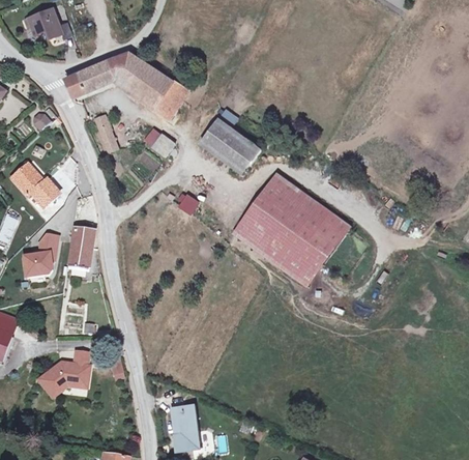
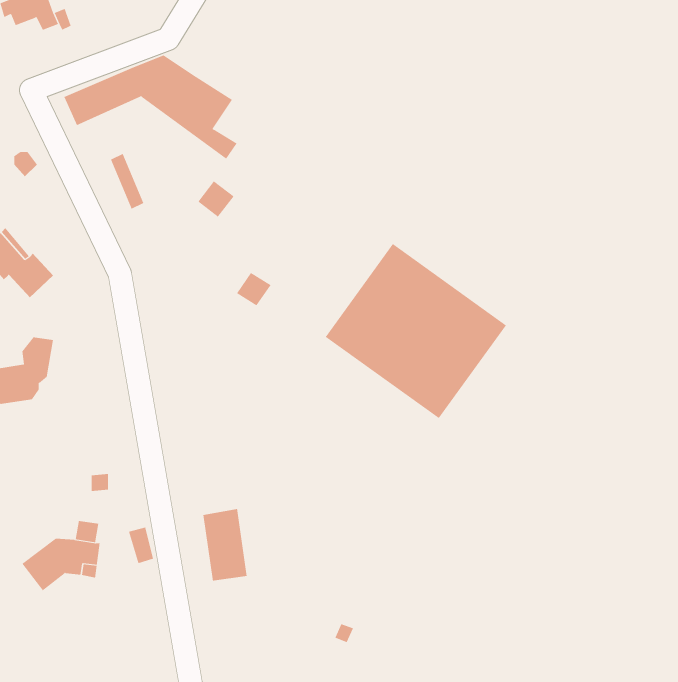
building: [162,80,189,108] -> none
building: [200,117,260,173] -> none
building: [67,226,93,269] -> none
building: [171,403,200,450] -> [202,509,248,581]

